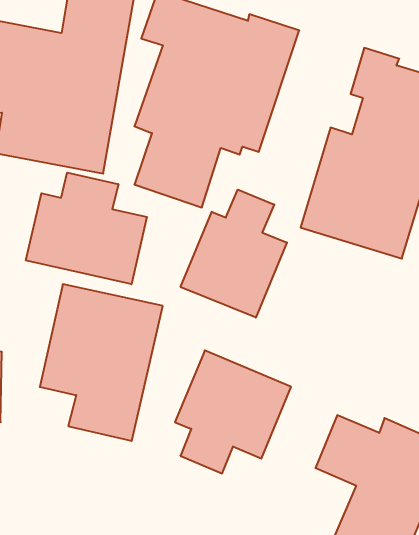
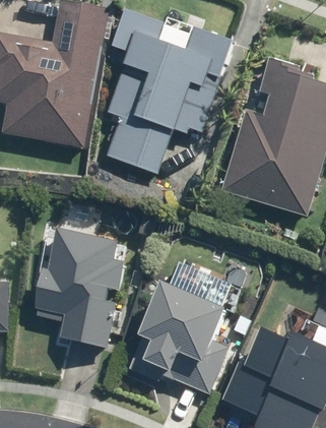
building: [26,173,147,284] -> none
building: [181,190,287,318] -> none

